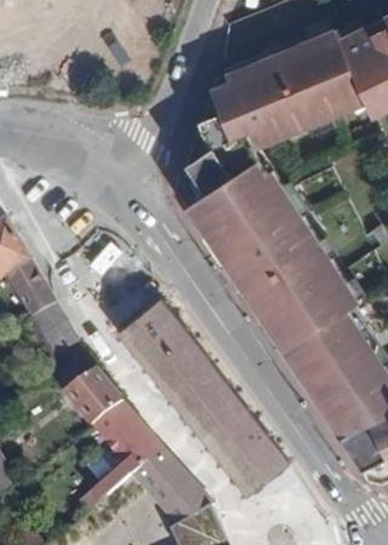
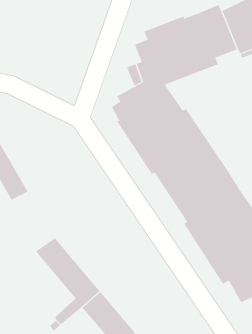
building: [118,300,290,498] -> none
building: [19,303,78,361] -> none

